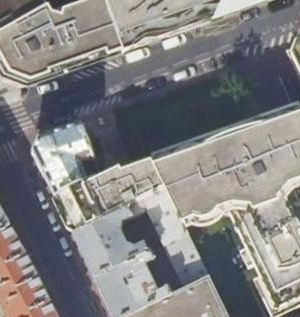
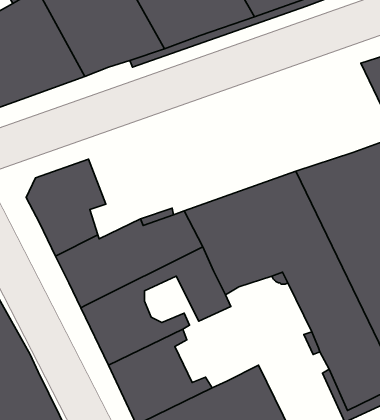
building: [162,231,207,287] -> none

